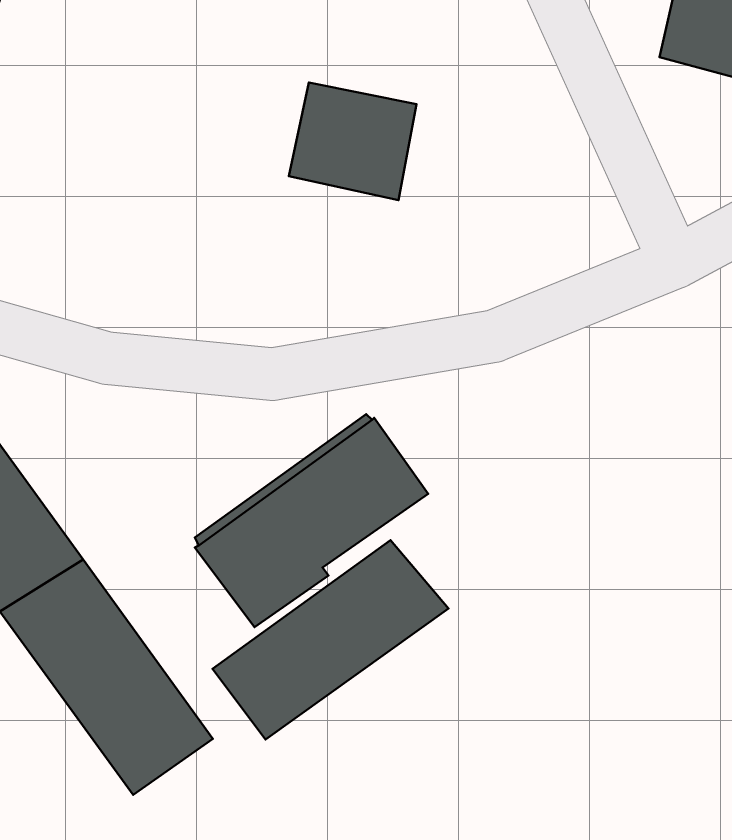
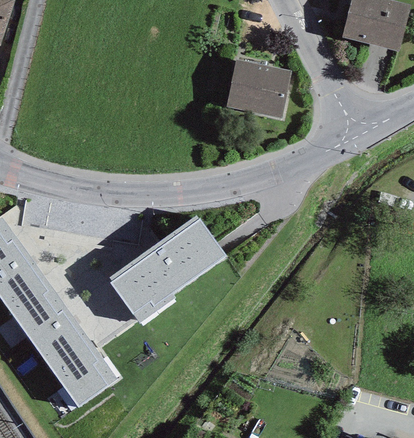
building: [289,82,416,200] -> [226,59,290,118]
building: [213,540,448,740] -> none

